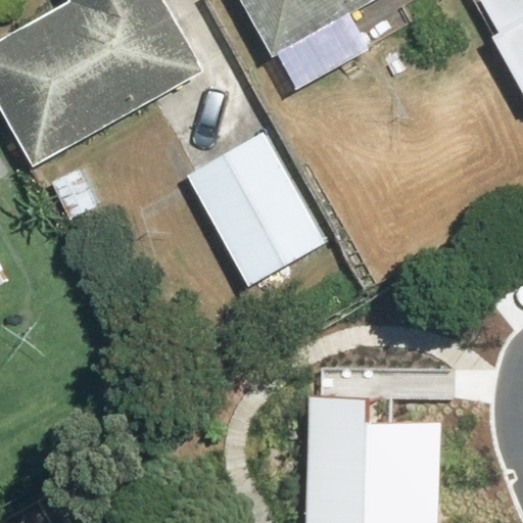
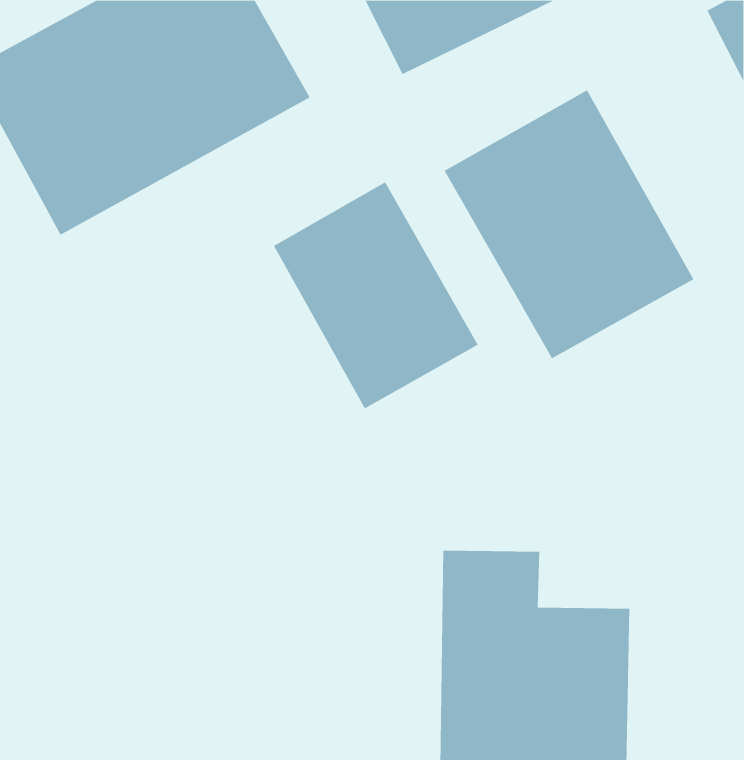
building: none -> [444,90,694,359]

